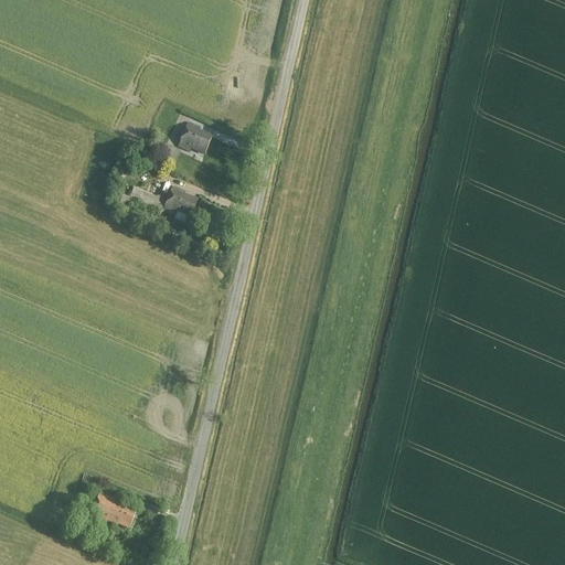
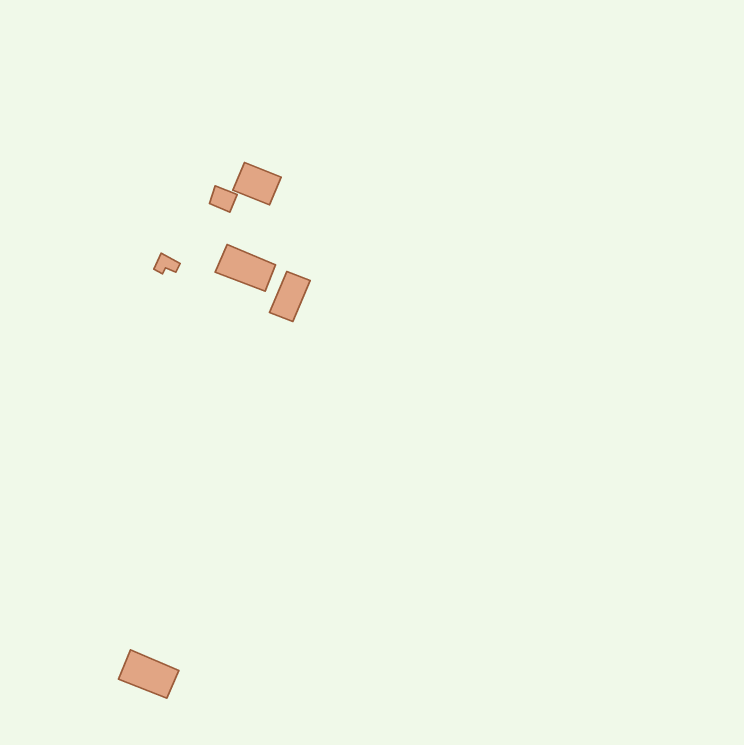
building: none -> [270,272,310,322]

